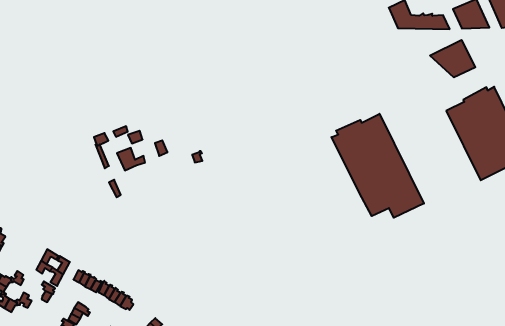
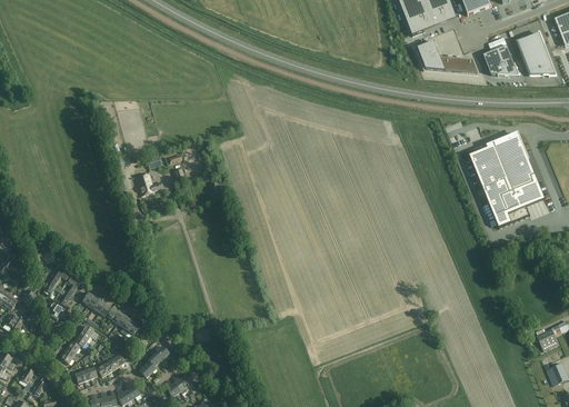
building: [430,40,475,77] -> none
building: [331,114,424,218] -> none

